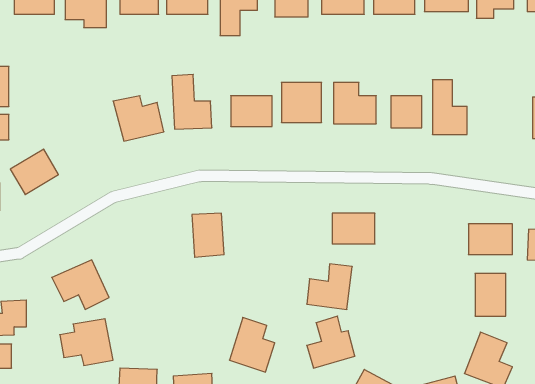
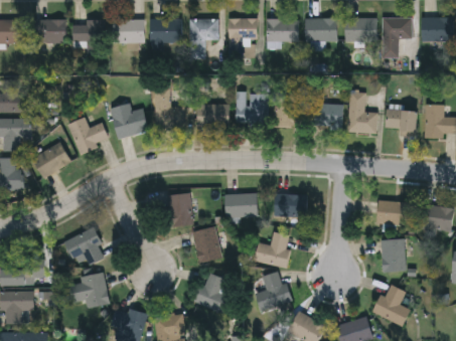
building: none -> [385,111,417,136]
building: none -> [67,119,107,156]
building: none -> [224,192,257,216]
building: none -> [191,226,220,263]

